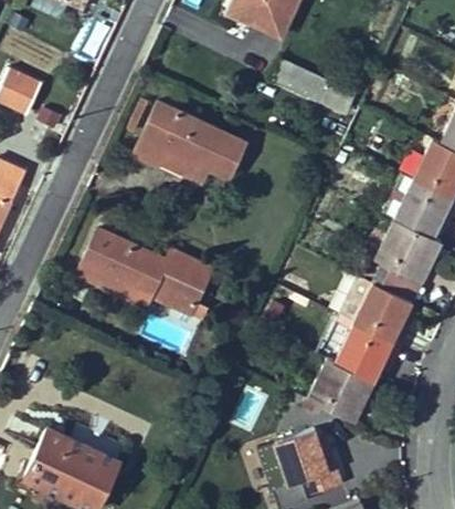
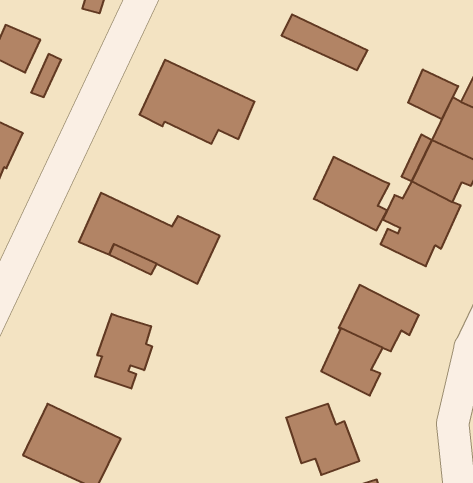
building: none -> [408,69,458,119]
building: [341,276,413,345] -> [314,157,389,230]
building: none -> [95,314,152,389]

